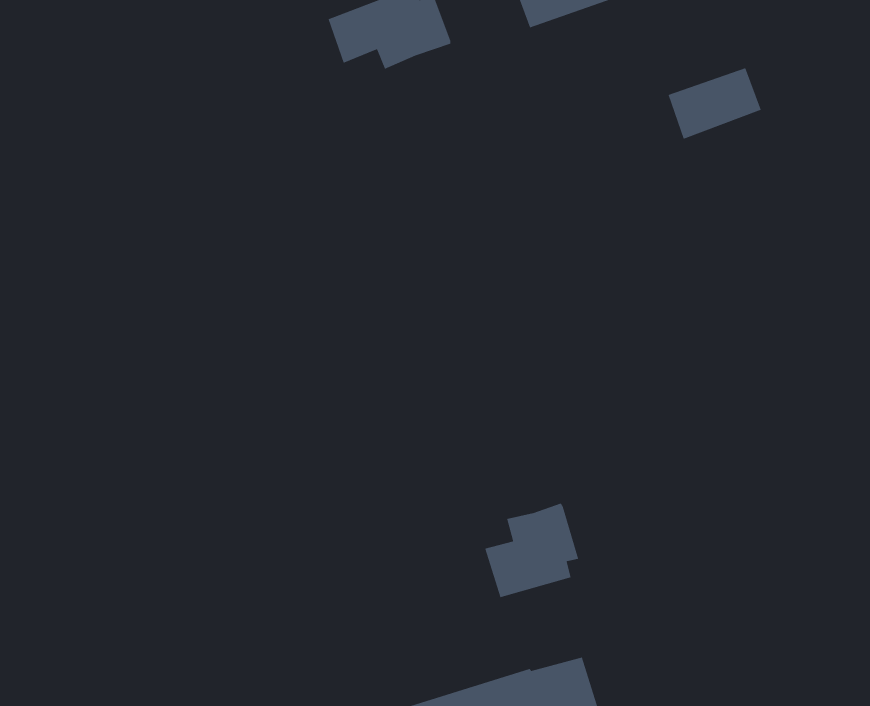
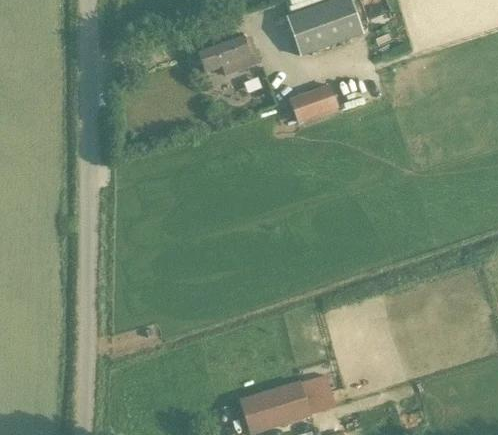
building: [668,67,762,140] -> [290,86,338,123]
building: [484,502,579,598] -> none

